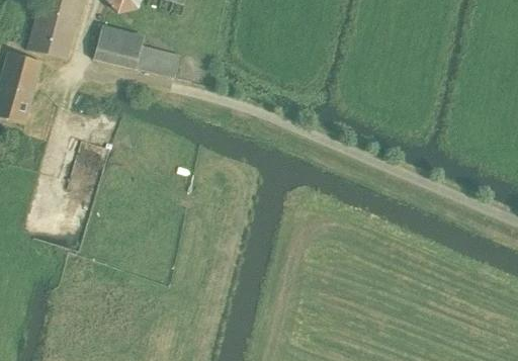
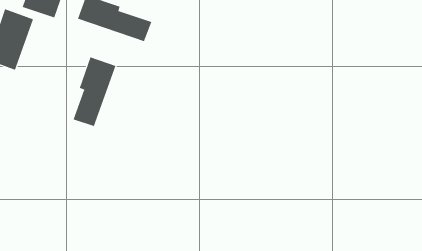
building: none -> [73,57,116,127]

